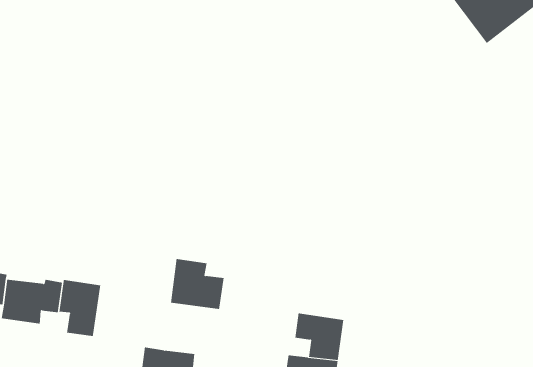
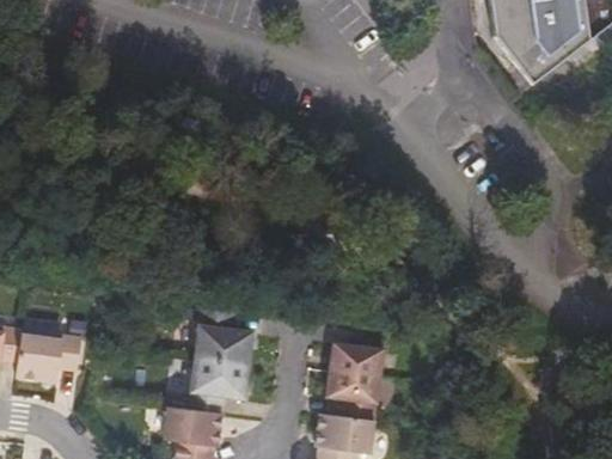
building: [59,279,101,337] -> none
building: none -> [331,342,384,375]
building: none -> [190,357,249,411]

